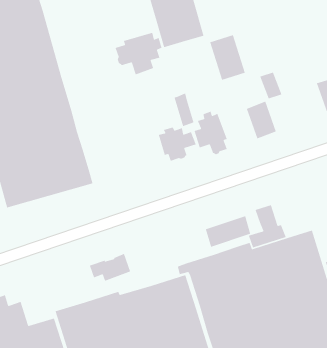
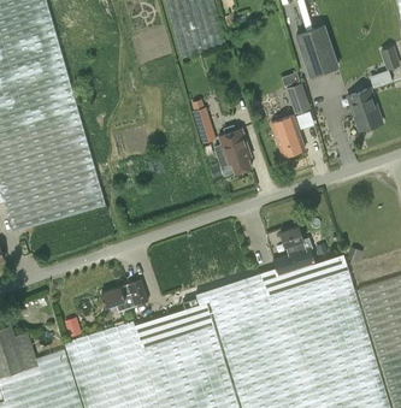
building: [114,32,162,76] -> none
building: [209,34,246,81] -> [297,25,337,76]
building: [158,126,197,162] -> none
building: [205,215,251,248] -> none

